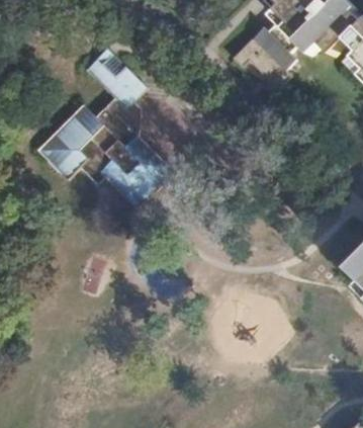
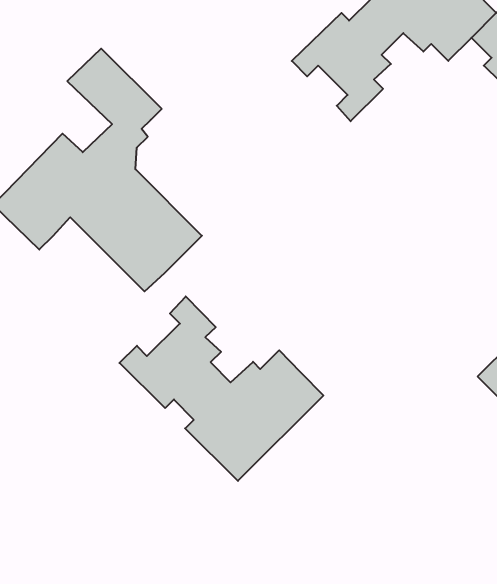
building: none -> [119,296,323,481]

